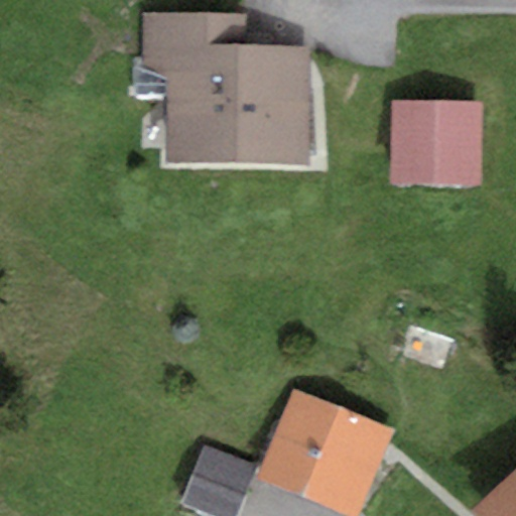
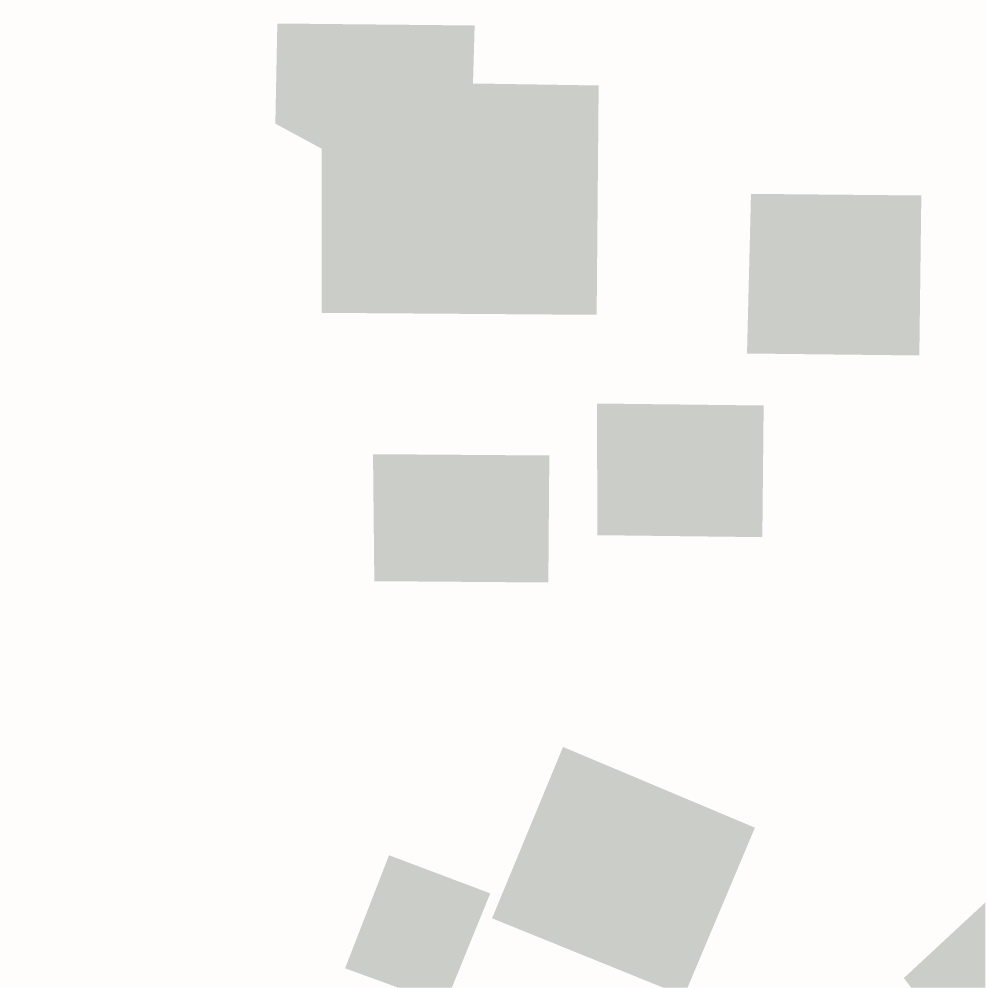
building: none -> [596,403,764,538]
building: none -> [373,453,550,583]

